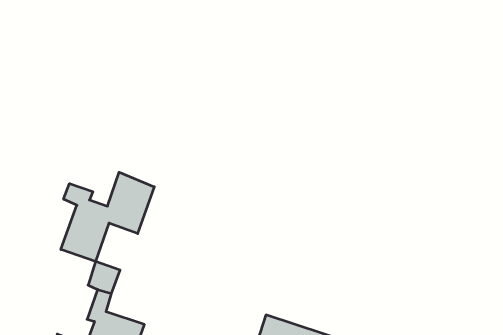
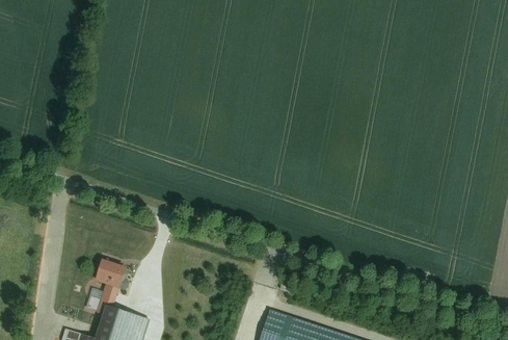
building: [61,172,154,262] -> none

